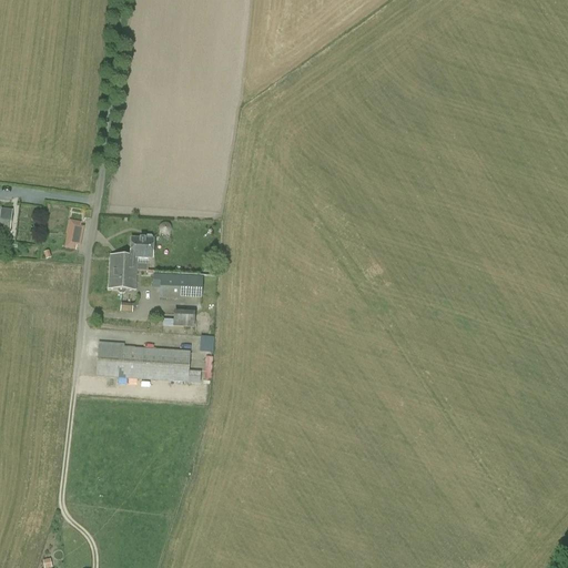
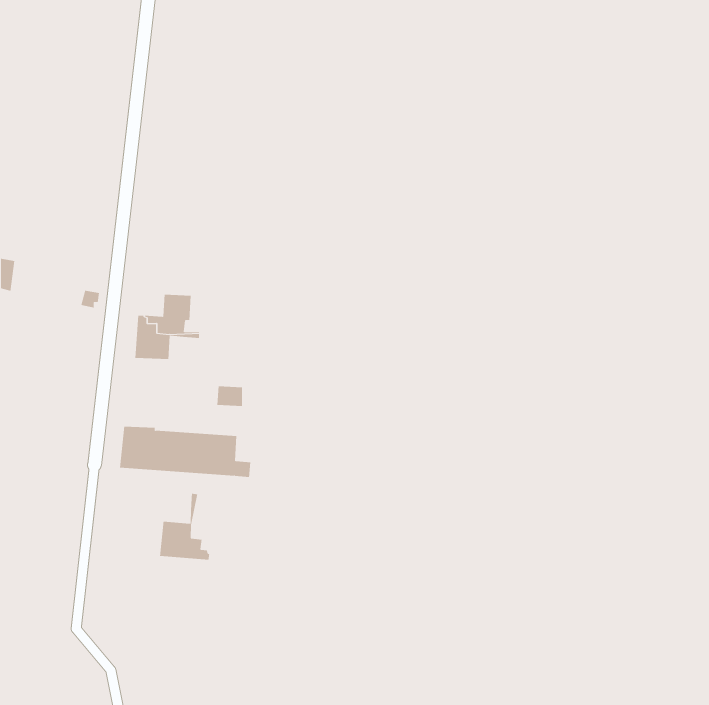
building: [152,271,203,297] -> none
building: none -> [159,493,210,560]

